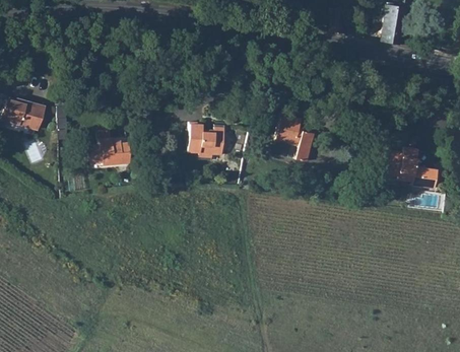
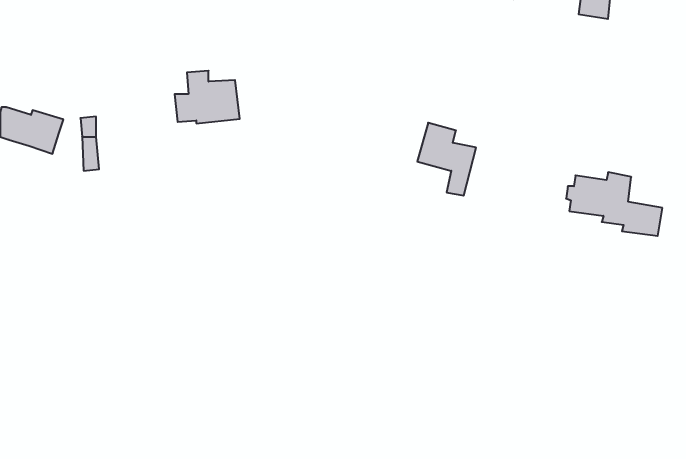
building: [186,124,215,155] -> none
building: [88,132,131,166] -> [175,71,240,123]

